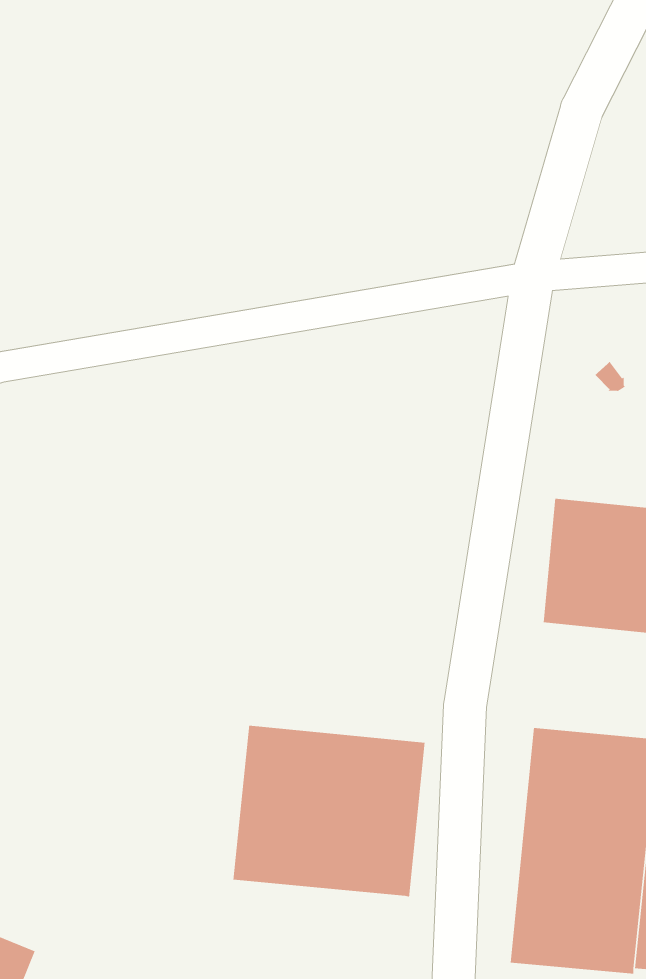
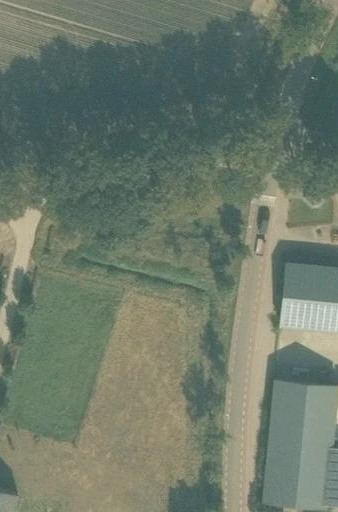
building: [233,725,425,898] -> none

